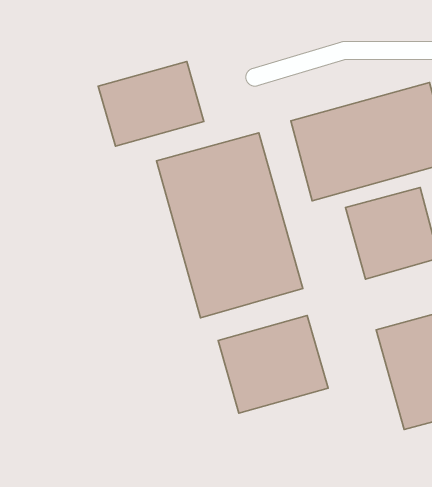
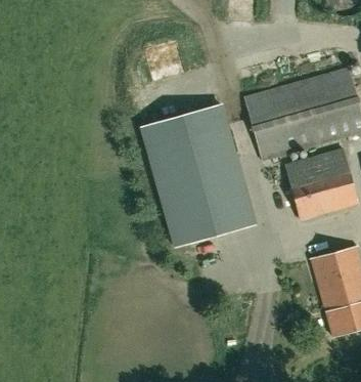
building: [98,61,204,146] -> none
building: [218,316,328,413] -> none

